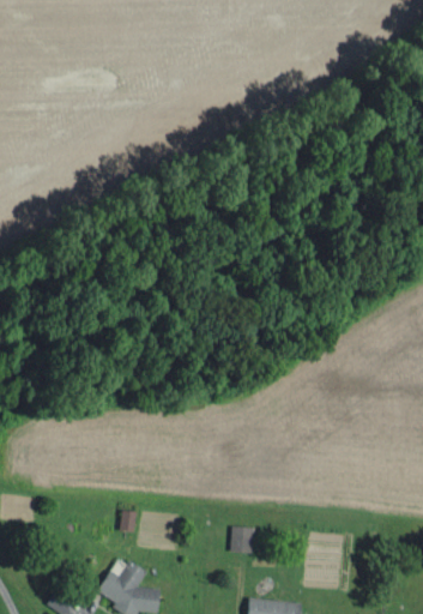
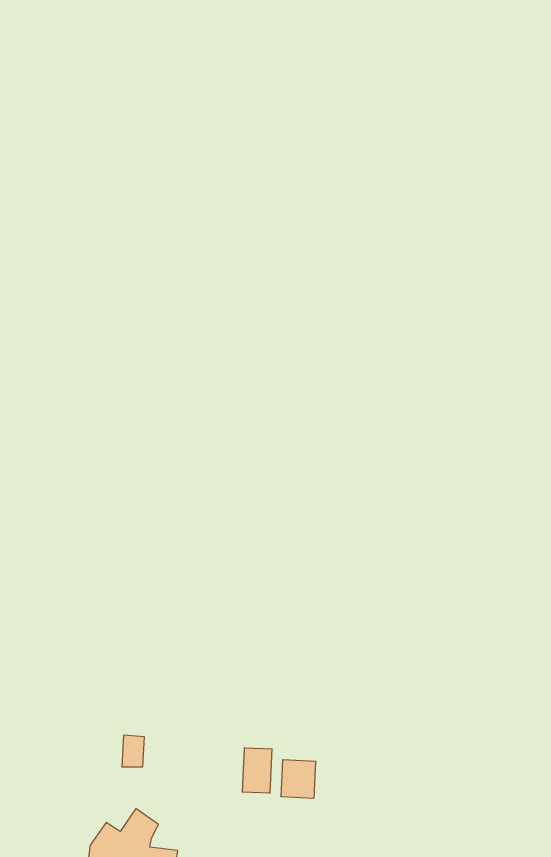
building: none -> [242,748,272,793]

